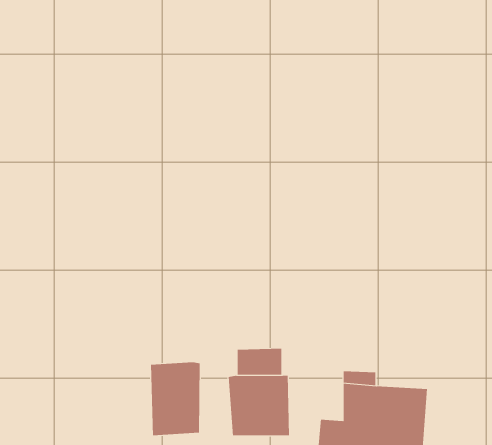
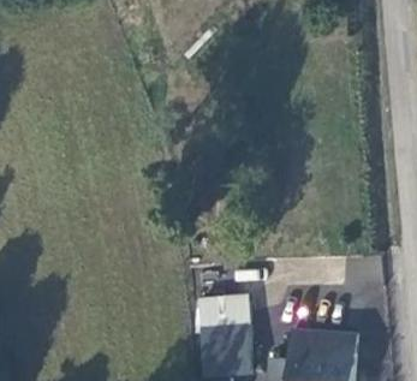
building: [151,362,200,436] -> none

